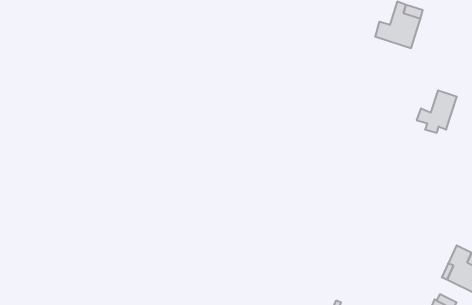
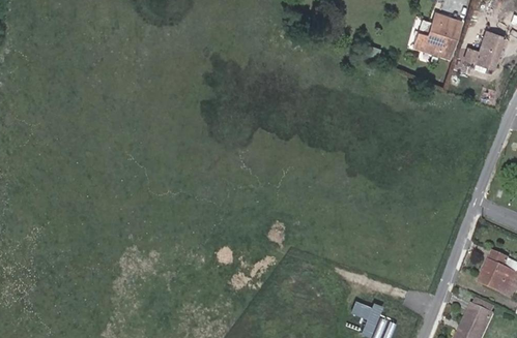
building: [417,90,457,133] -> [463,31,502,72]

